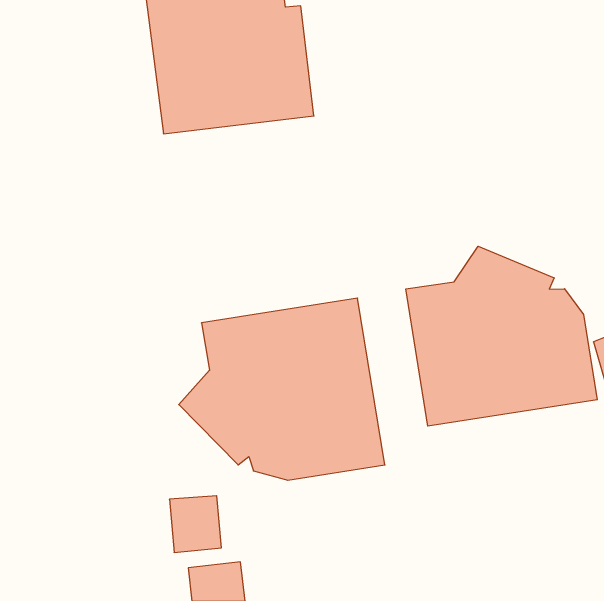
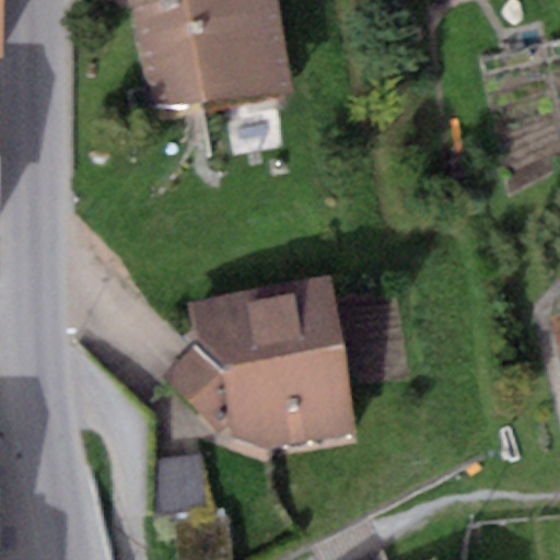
building: [406,246,597,426] -> none

